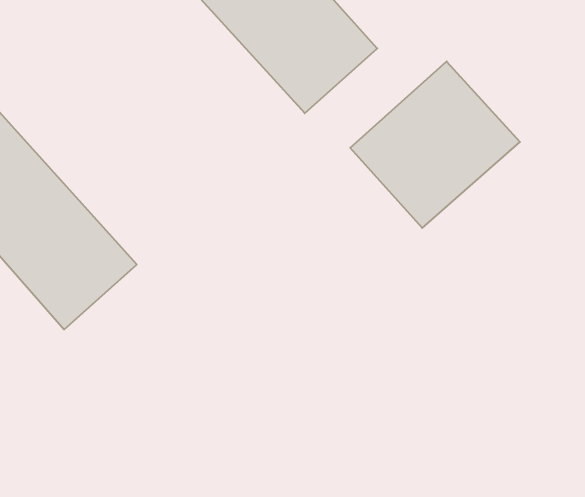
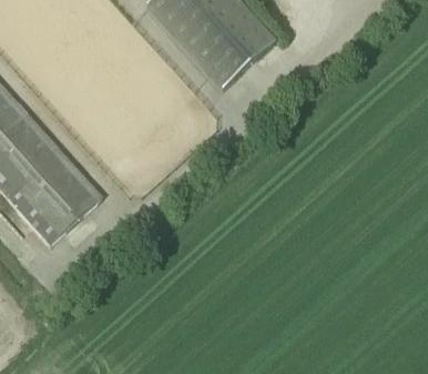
building: [350,61,520,228] -> none

